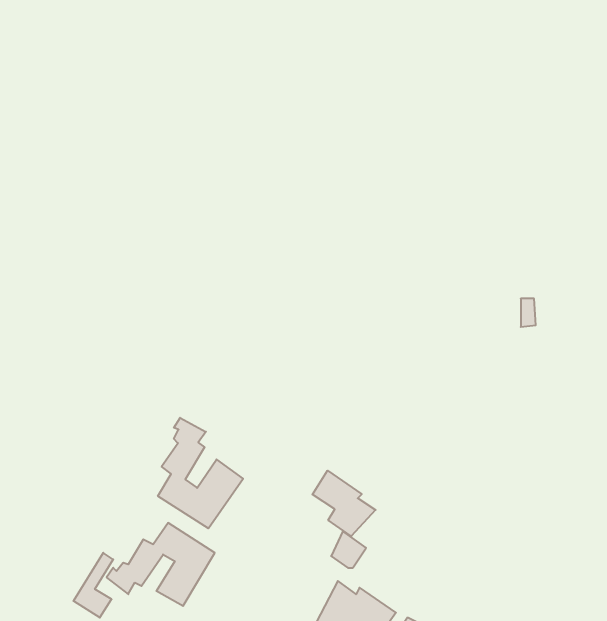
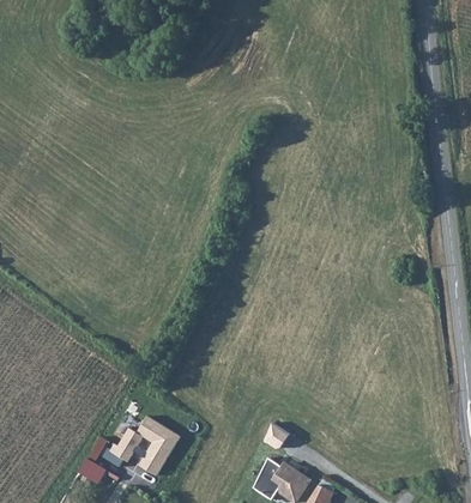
building: [158,418,243,528] -> none
building: [312,471,376,536] -> none

